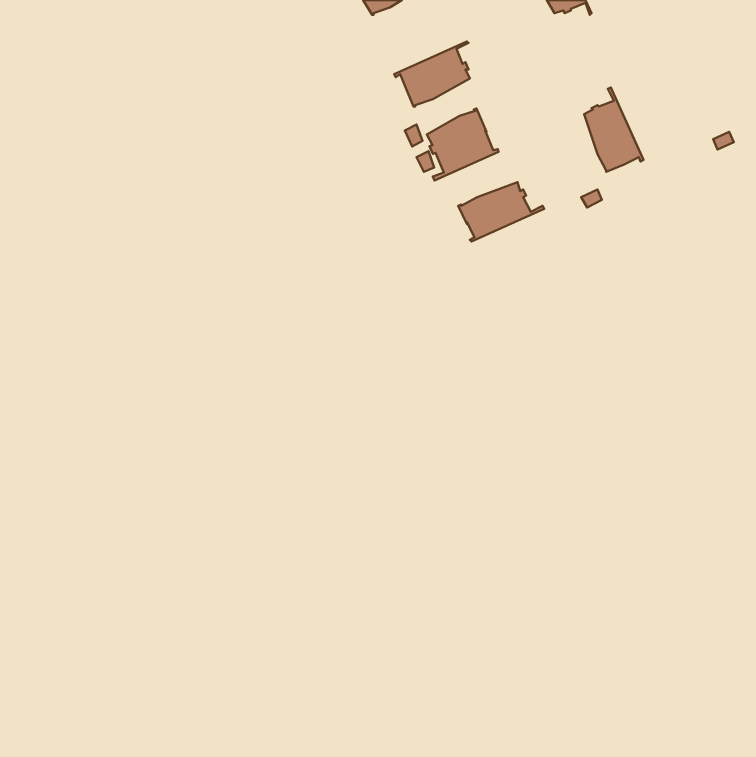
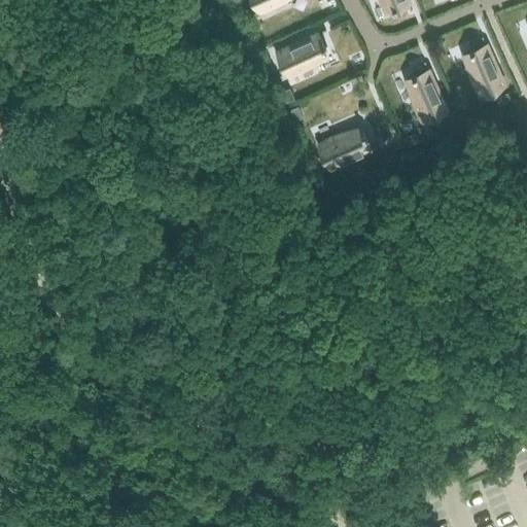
building: none -> [463,36,504,95]
building: [427,108,498,180] -> none

